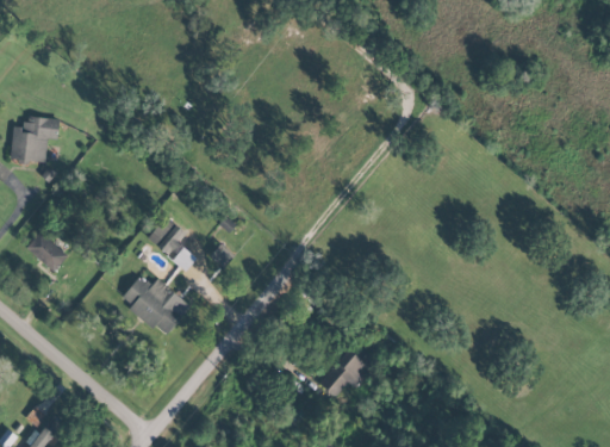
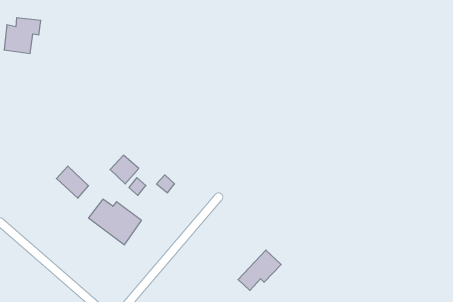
building: [11,117,60,164] -> [4,18,41,54]
building: [26,231,69,274] -> [56,166,89,198]

